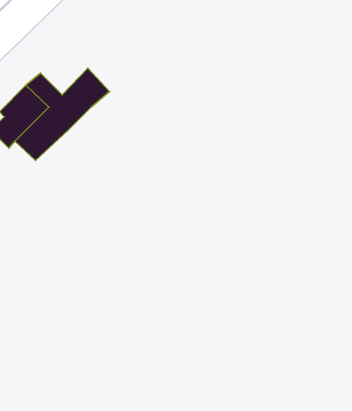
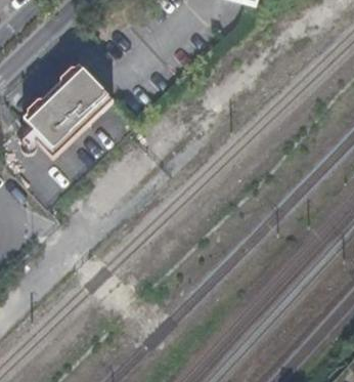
building: none -> [57,55,97,96]

